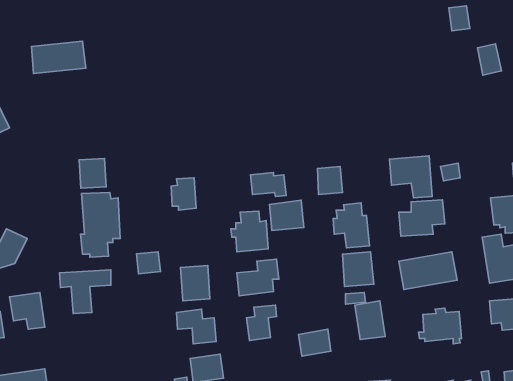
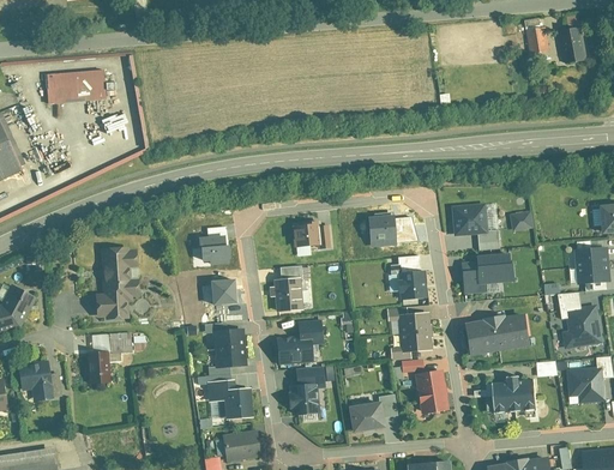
building: [478,44,502,75] -> [558,28,585,64]
building: [79,158,106,188] -> none
building: [270,200,304,231] -> none
building: [136,252,160,274] -> [210,279,237,305]

